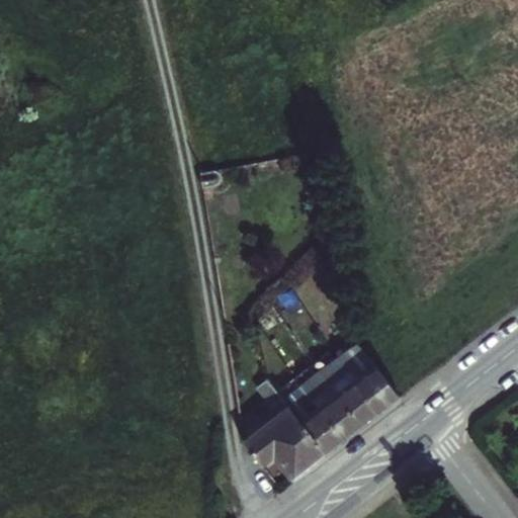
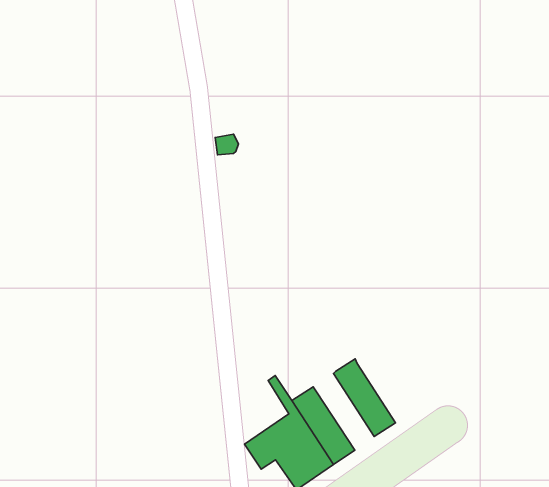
building: [335,345,398,416] -> none
building: [299,375,356,442] -> none

